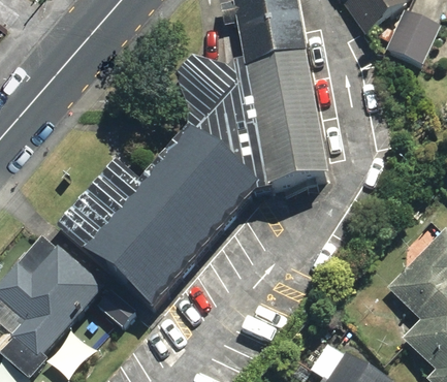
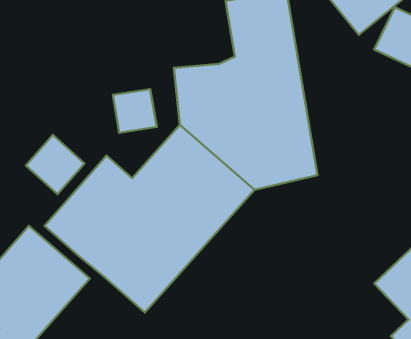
building: none -> [113,89,157,133]
building: none -> [26,135,85,194]

